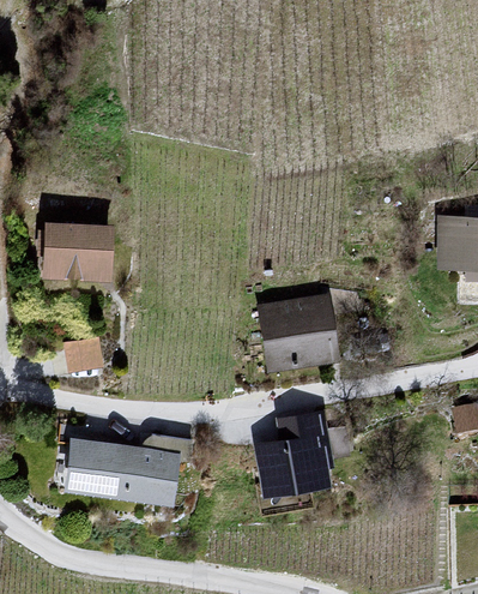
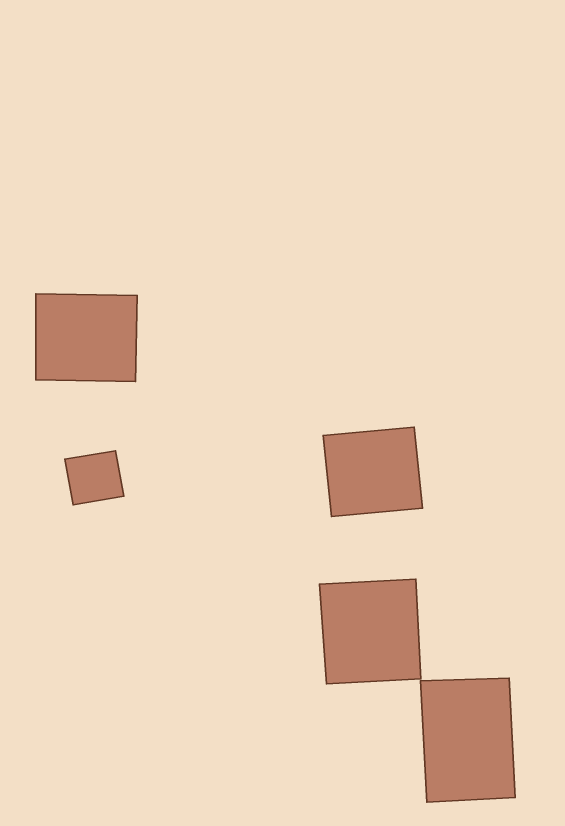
building: [54,433,176,505] -> none
building: none -> [420,678,515,802]

